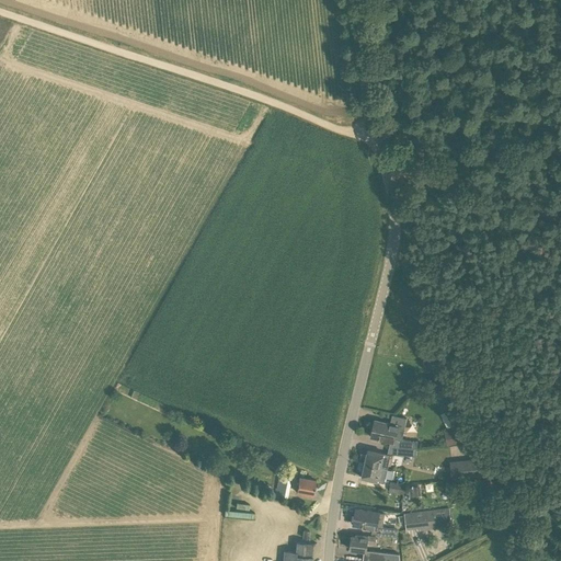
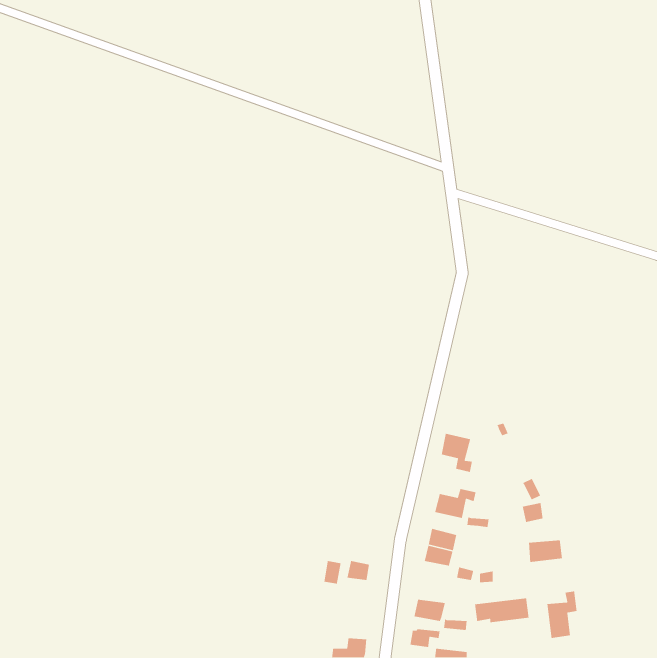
building: none -> [441,433,473,473]
building: none -> [547,591,578,639]

